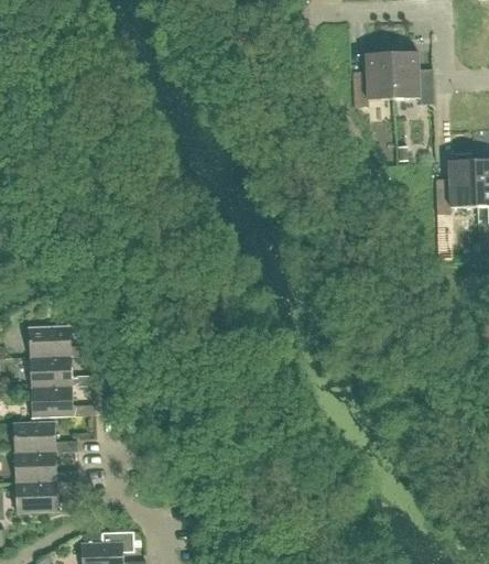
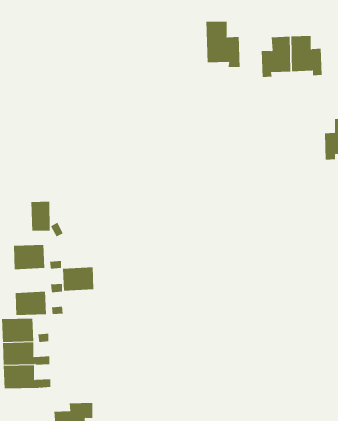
building: none -> [206,21,240,68]
building: none -> [31,201,50,232]
building: [30,355,72,387] -> [62,267,94,291]

